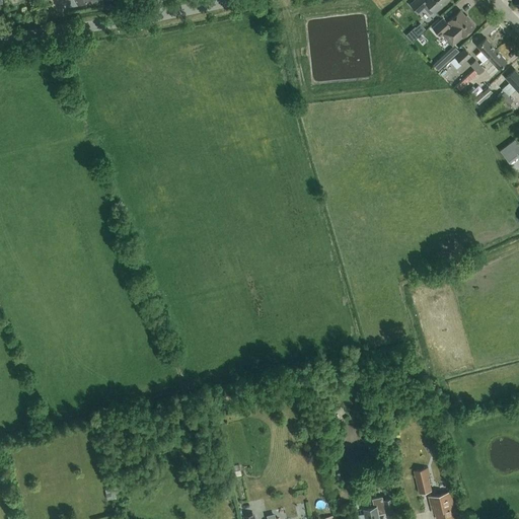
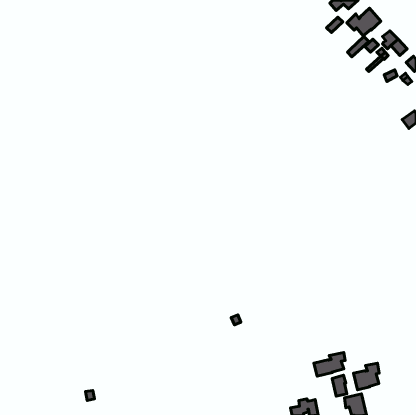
building: none -> [314,353,345,376]
building: none -> [353,363,379,390]

